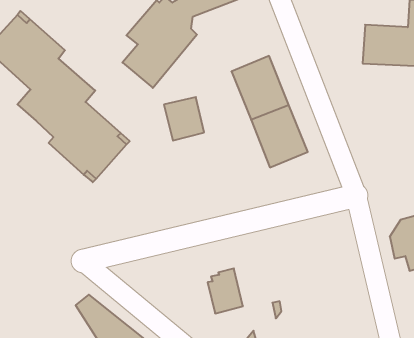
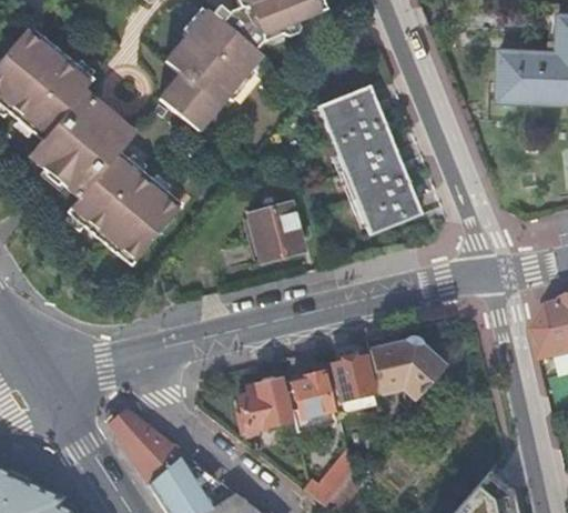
building: [164,97,204,141] -> [252,215,306,274]
building: none -> [366,340,443,402]
building: none -> [332,359,372,410]
building: none -> [236,380,287,433]

